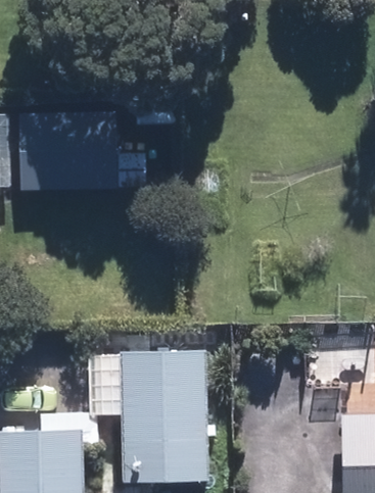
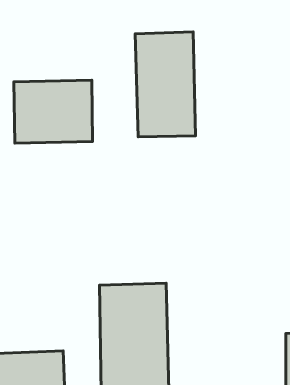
building: none -> [135,32,196,137]

